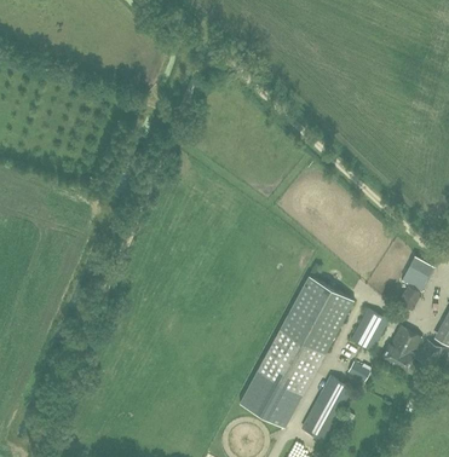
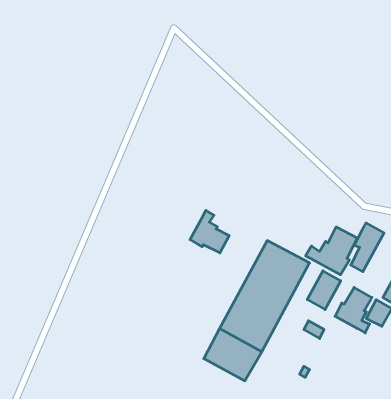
building: none -> [190,210,229,253]
building: none -> [306,227,357,275]
building: [301,376,351,440] -> none

